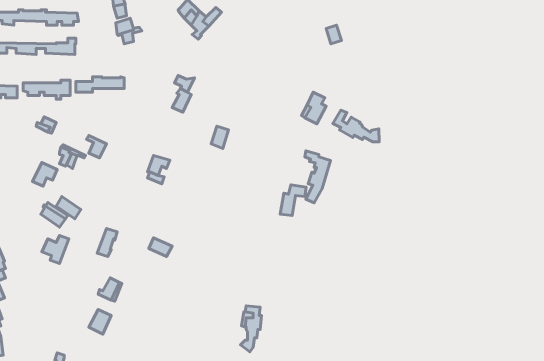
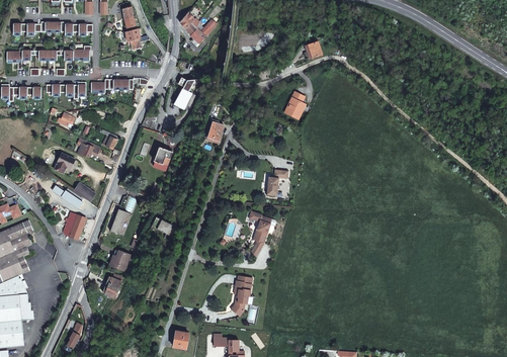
building: [333,110,379,142] -> none
building: [305,151,331,203] -> [249,212,271,257]

